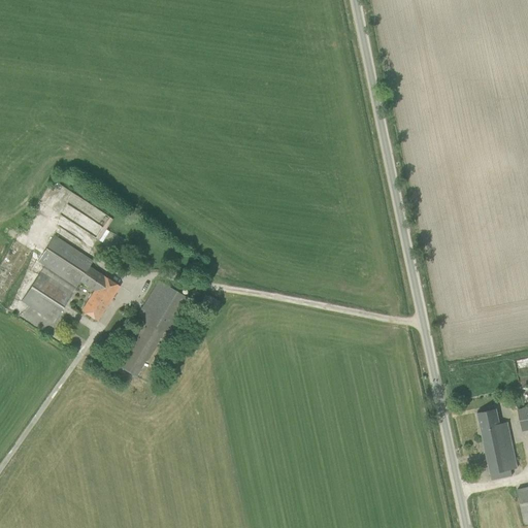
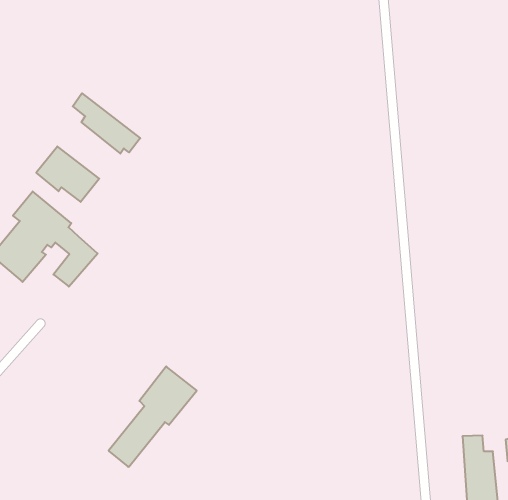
building: none -> [73,93,140,154]
building: [114,280,189,377] -> [109,366,197,467]

